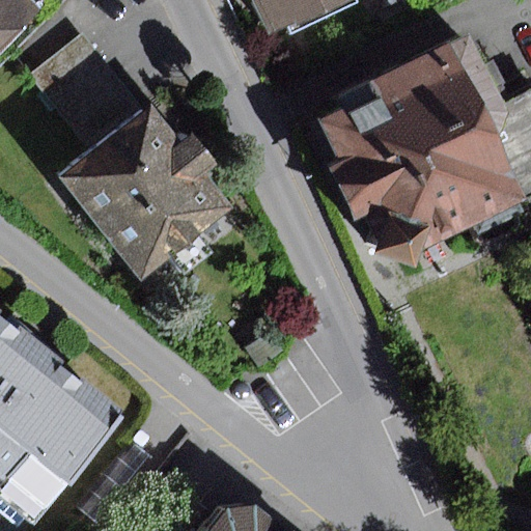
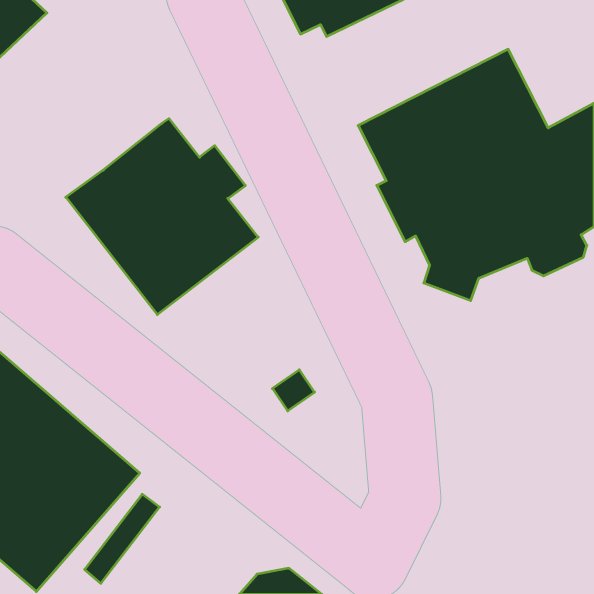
building: [27,28,143,150] -> none

